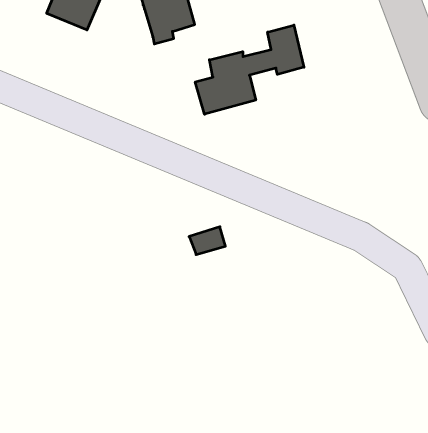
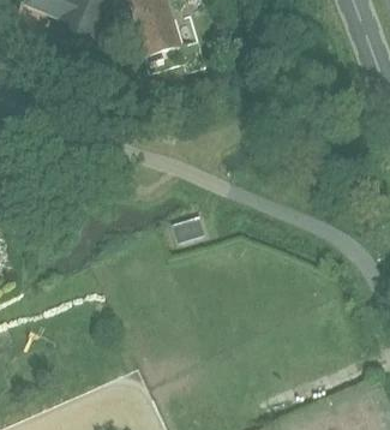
building: [195,25,304,114] -> none

